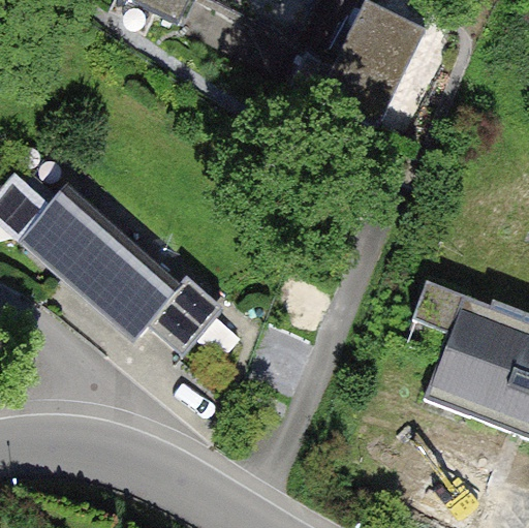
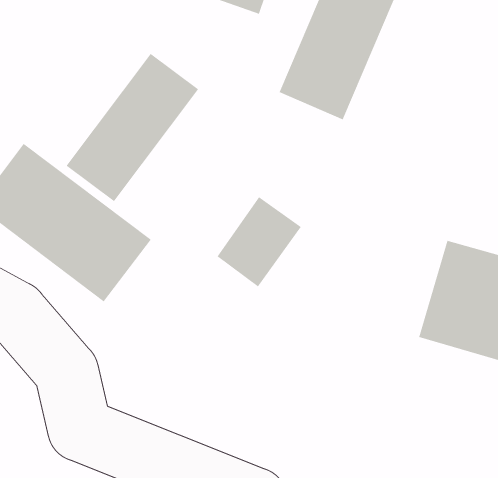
building: none -> [66,53,199,202]
building: [131,259,214,345] -> [216,196,302,287]

